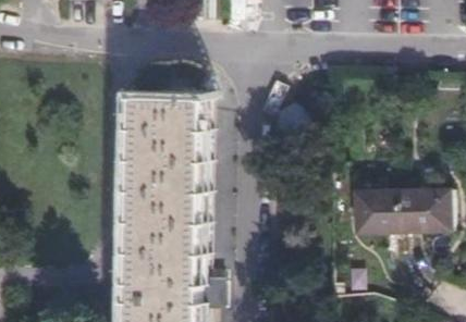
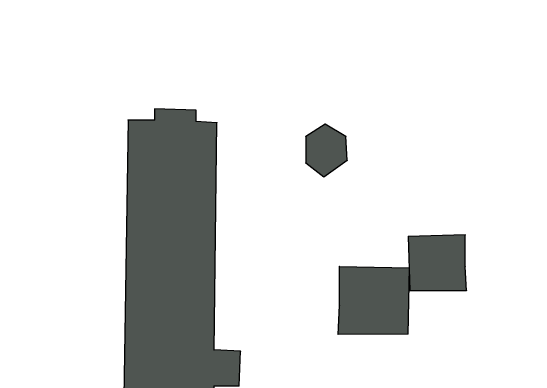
building: [397,188,447,233] -> none
building: none -> [338,266,409,334]

